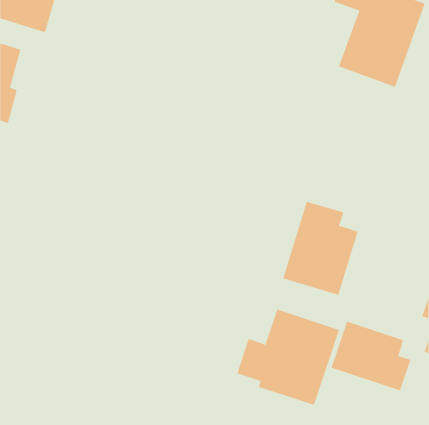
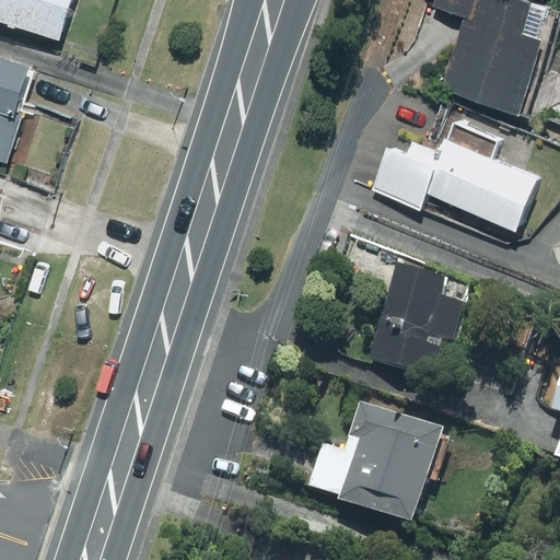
building: none -> [371,117,535,230]
building: [331,321,411,391] -> none

